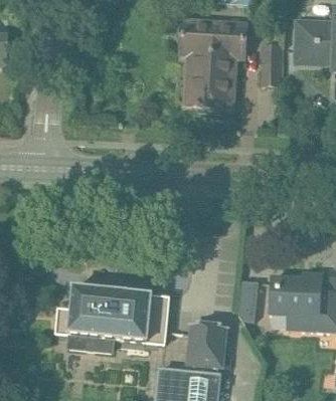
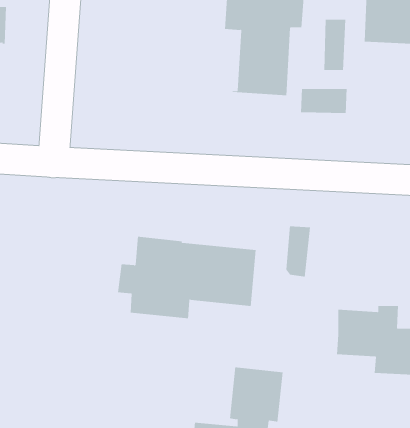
building: none -> [300,88,347,114]
building: [240,278,261,320] -> [286,226,311,277]
building: [57,286,169,353] -> [117,236,257,319]

